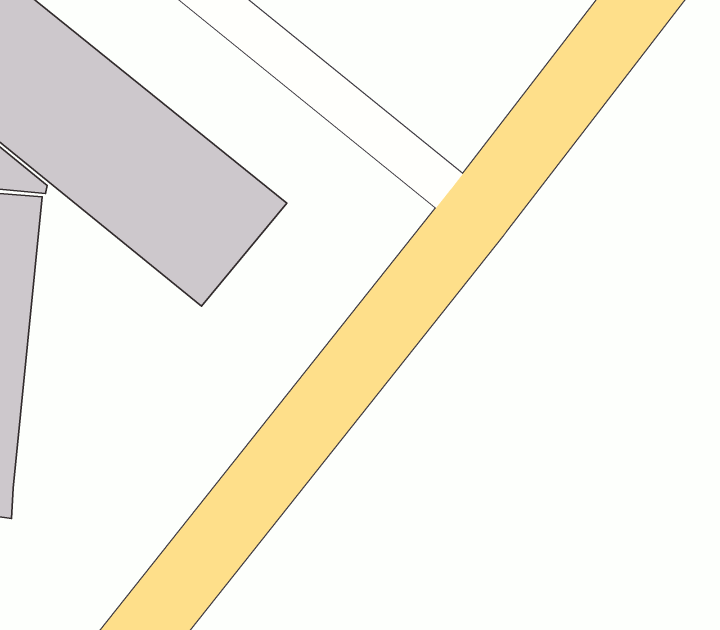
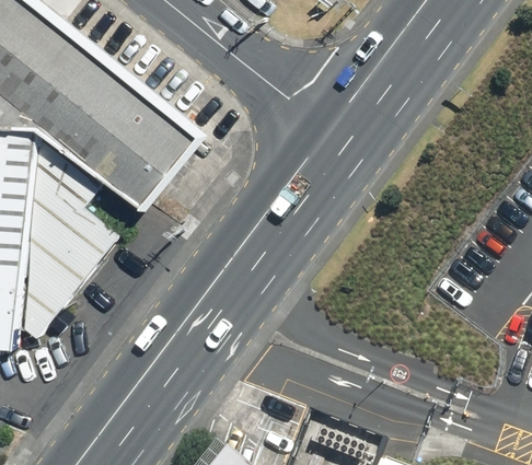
building: none -> [10,136,109,344]

